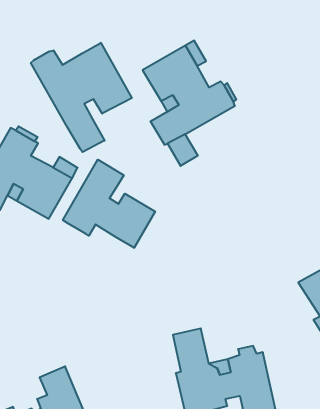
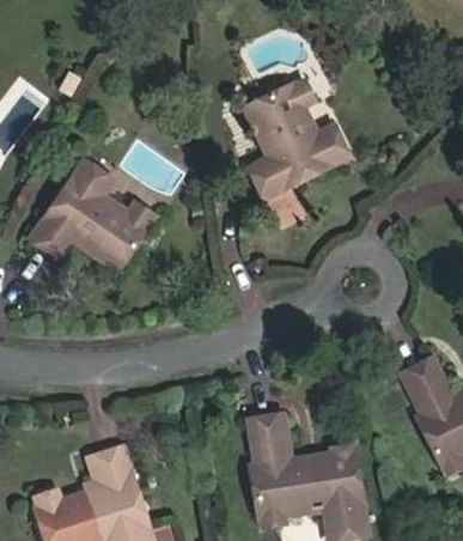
building: [31,43,132,152] -> none
building: [63,160,155,248] -> none

